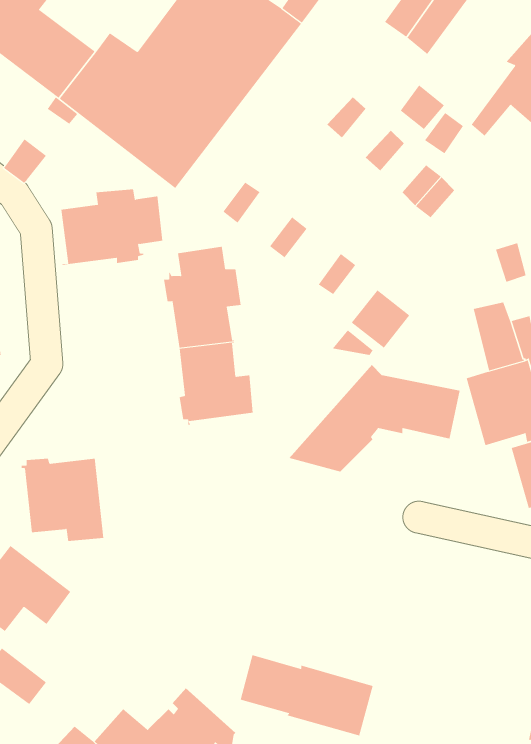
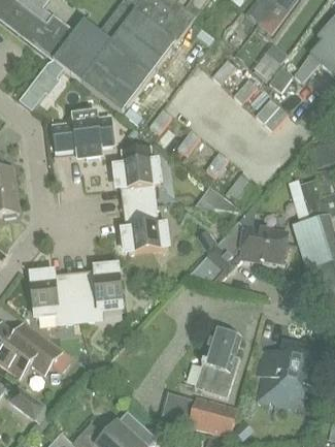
building: none -> [74,265,123,321]
building: none -> [195,327,242,397]
building: none -> [257,343,317,406]

